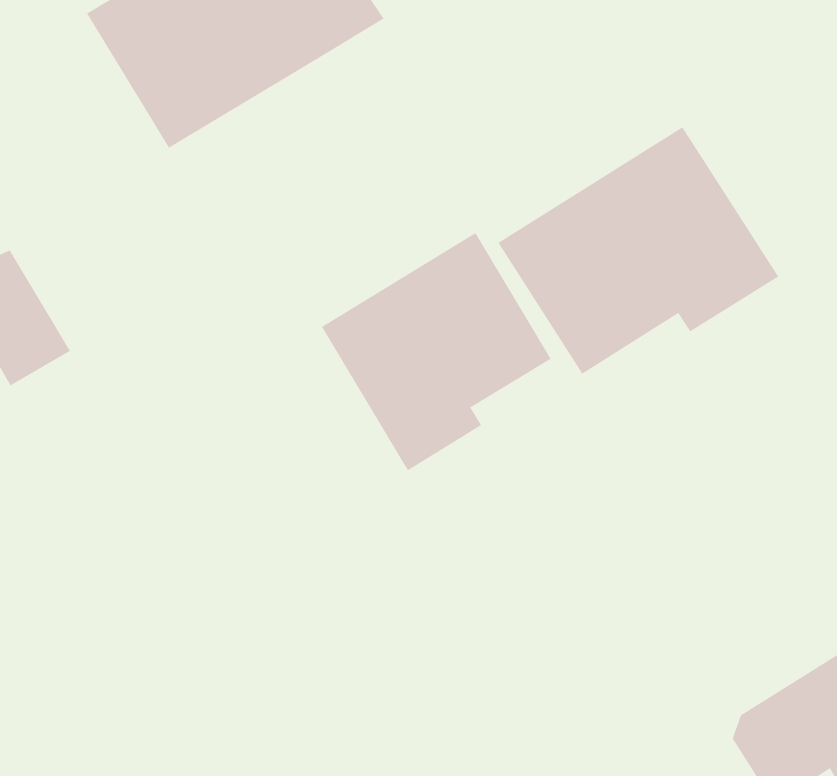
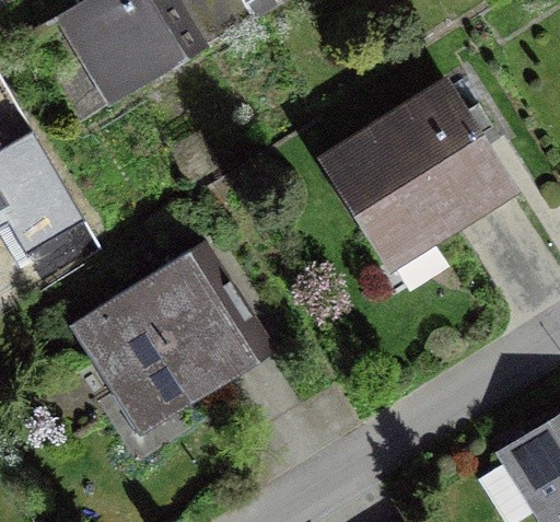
building: [321,232,551,471] -> none
building: none -> [73,250,268,418]

